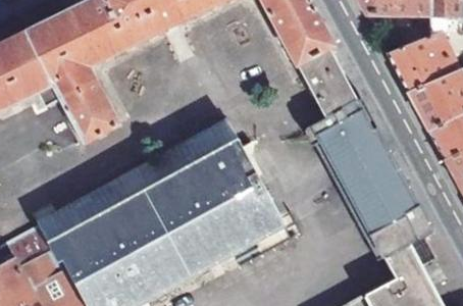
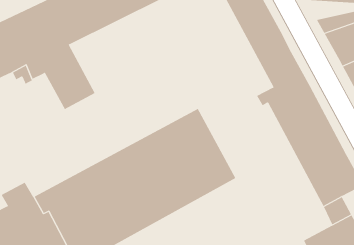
building: [35,121,239,246] -> none

